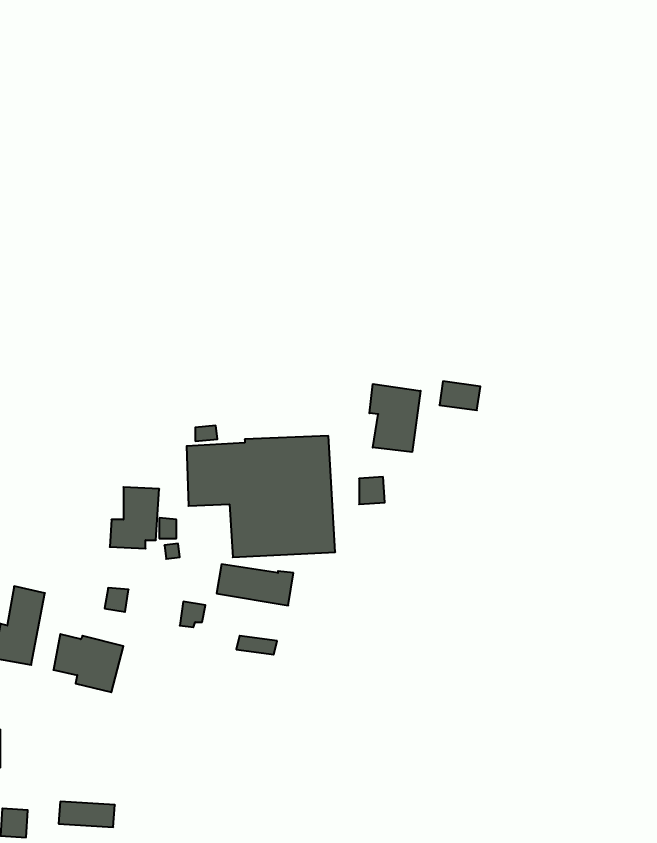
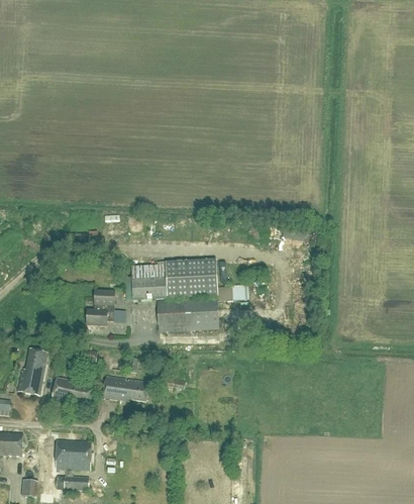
building: [369,384,421,452] -> none
building: [217,564,293,605] -> [103,376,148,400]
building: none -> [56,440,91,469]

